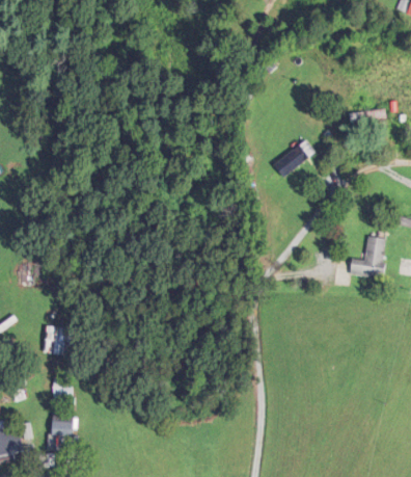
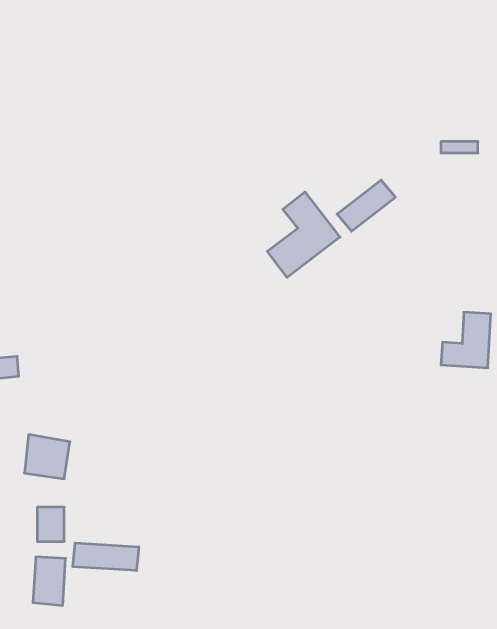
building: none -> [267,192,340,277]
building: none -> [73,543,139,571]

